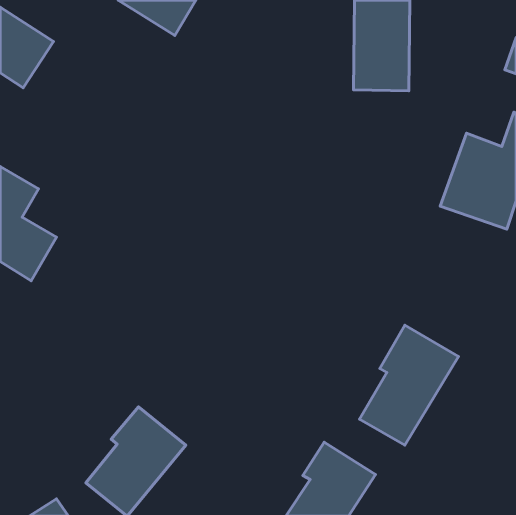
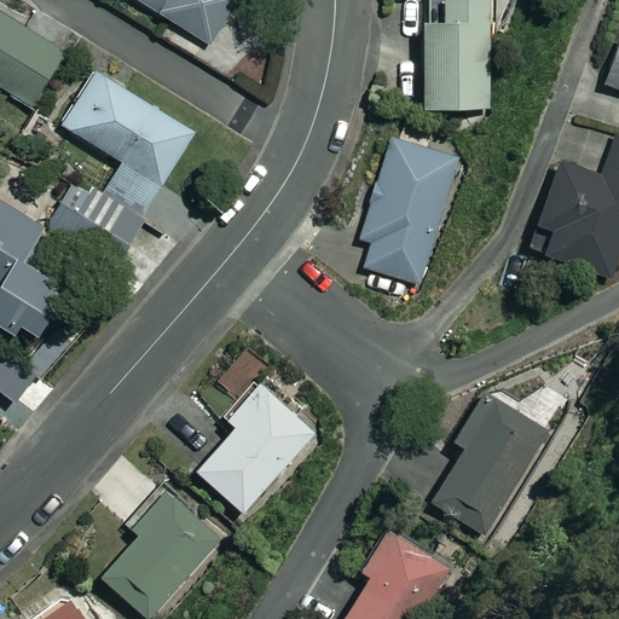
building: none -> [51,73,193,262]
building: none -> [359,139,462,287]
building: none -> [196,386,314,514]

